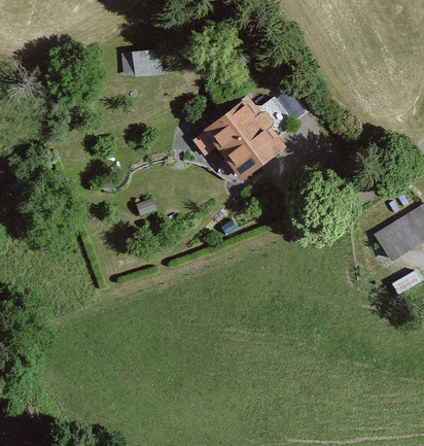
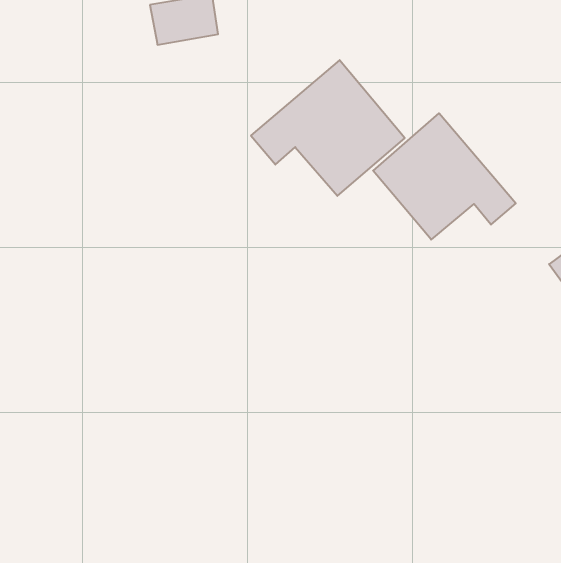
building: none -> [373,113,516,240]

